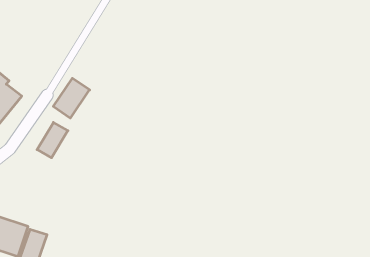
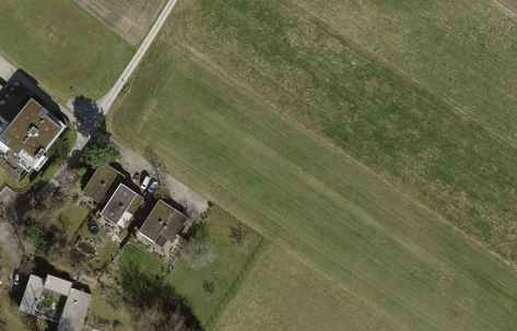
building: [53,78,90,118] -> [98,181,142,229]
building: none -> [140,200,187,247]

